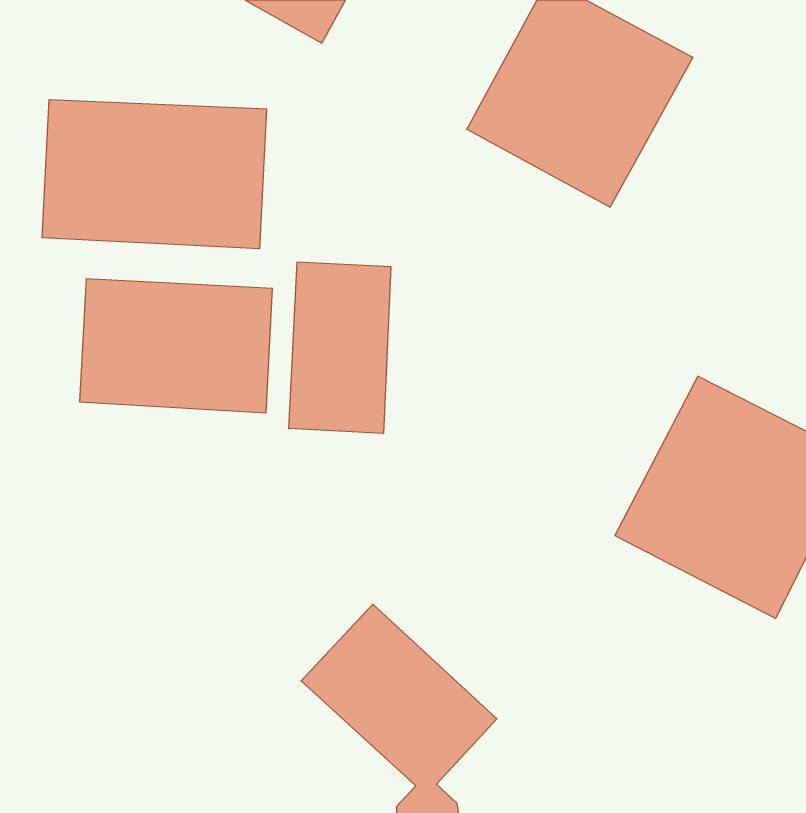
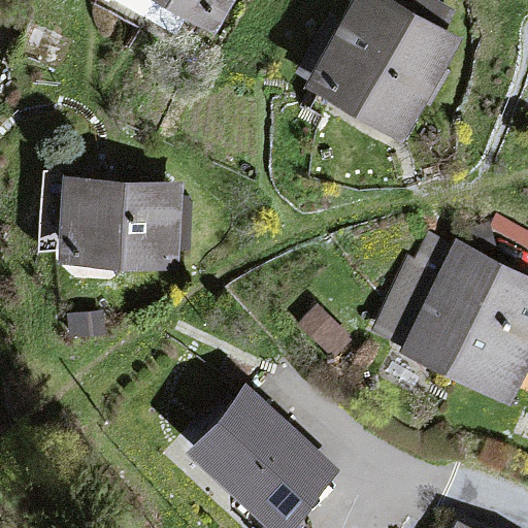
building: [42,100,267,249] -> none
building: [289,262,391,434] -> none

